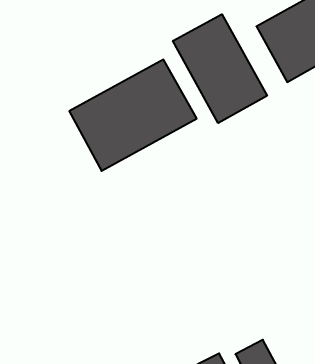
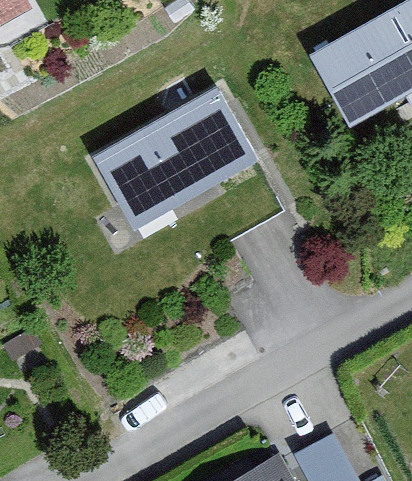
building: [173,14,267,123] -> none

